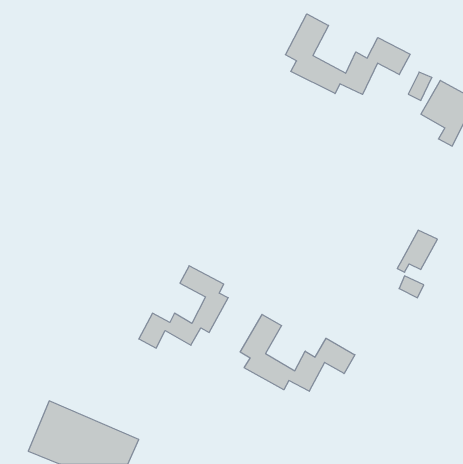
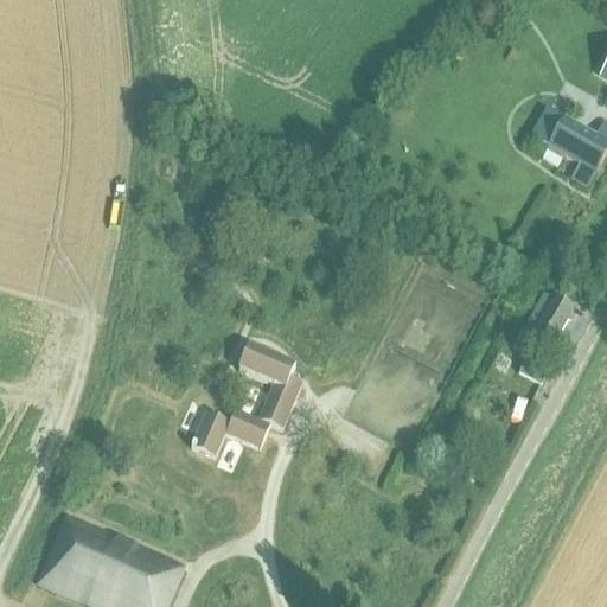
building: [285,14,410,94] -> none
building: [240,314,355,391] -> none

